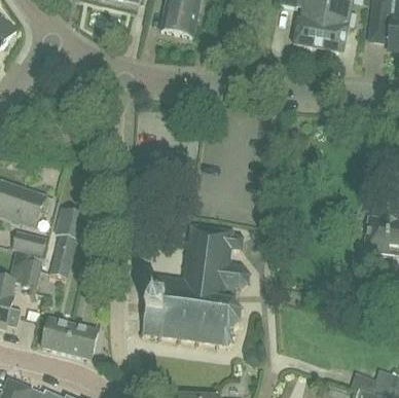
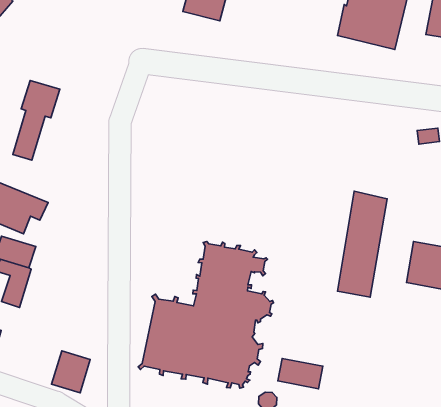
building: none -> [338,191,387,297]
building: [50,208,87,276] -> [13,80,60,160]
building: [41,318,73,353] -> none
building: none -> [278,359,323,389]

